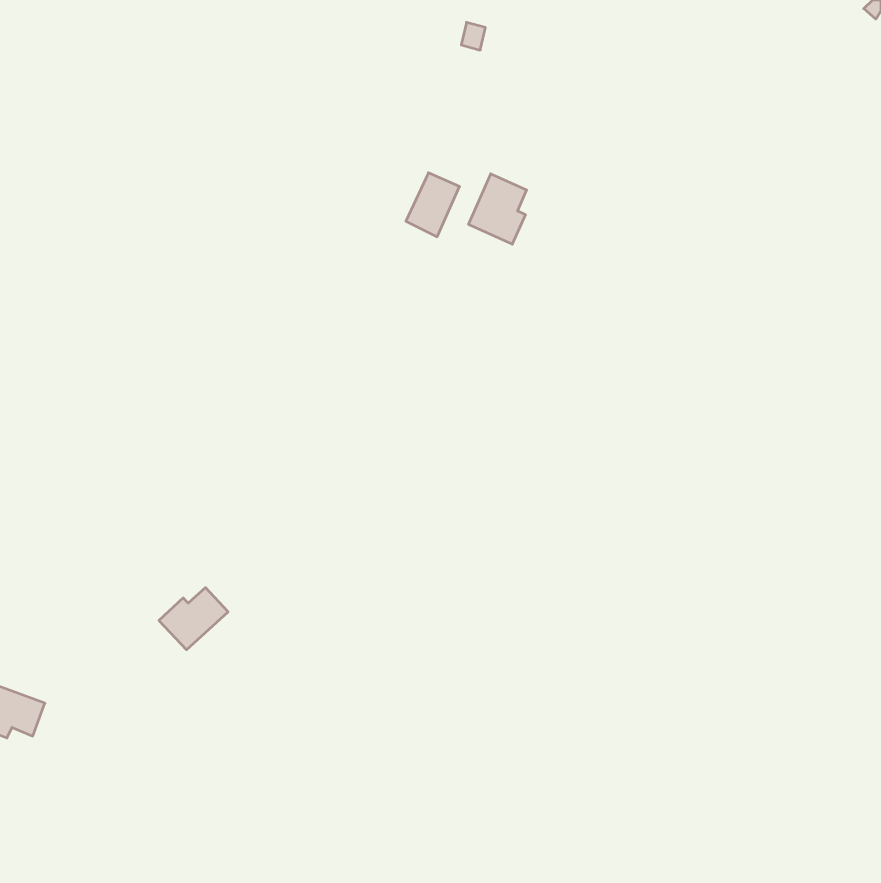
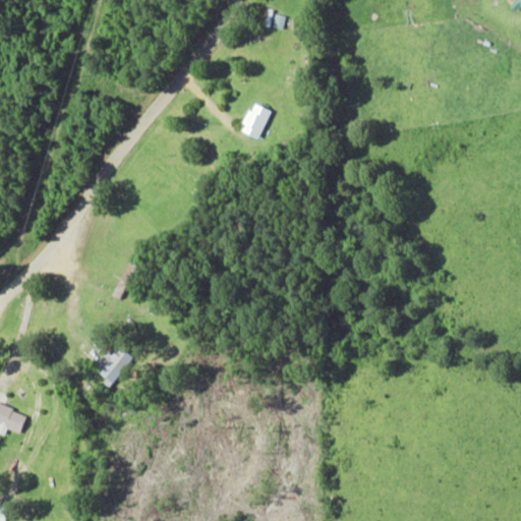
building: [469,174,527,244] -> none

